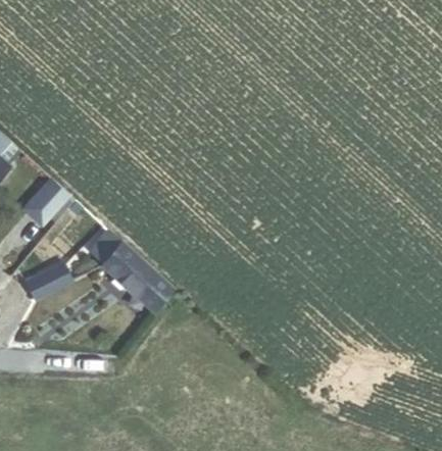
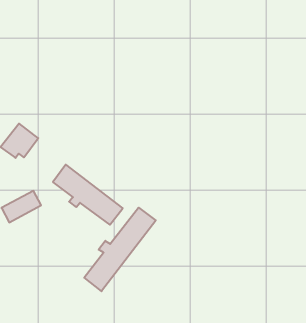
building: none -> [84,208,156,291]

